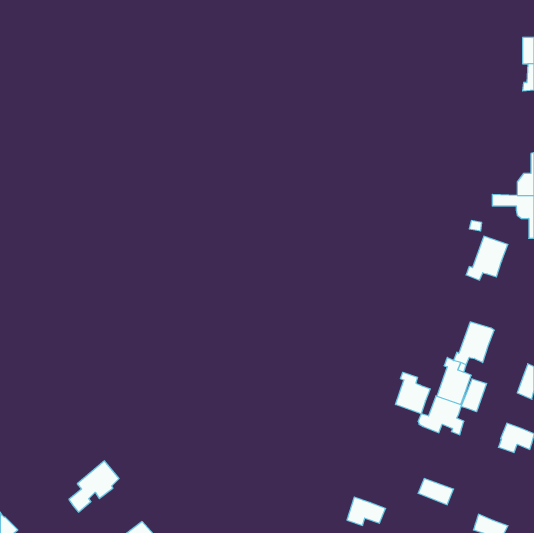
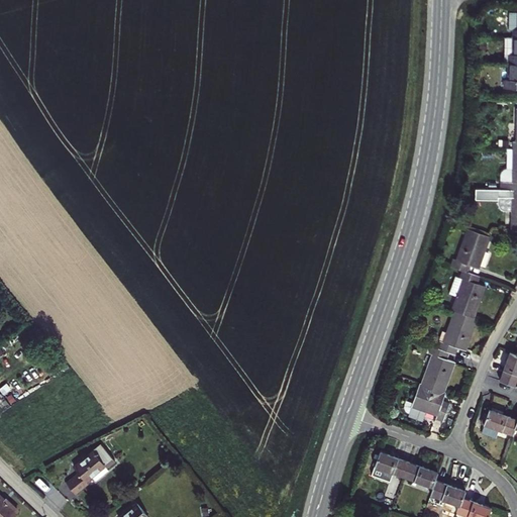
building: none -> [449,272,486,318]
building: [396,372,430,414] -> none
building: [461,379,487,412] -> none
building: none -> [430,481,466,507]
building: [347,497,386,525] -> [373,452,410,480]

